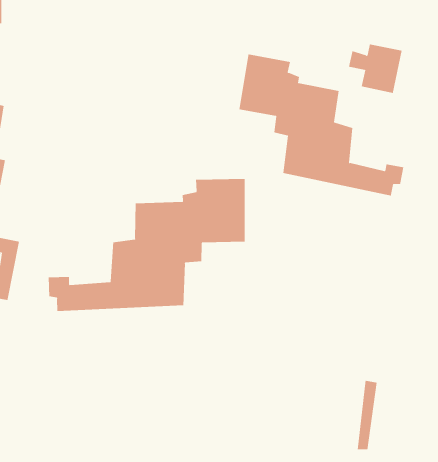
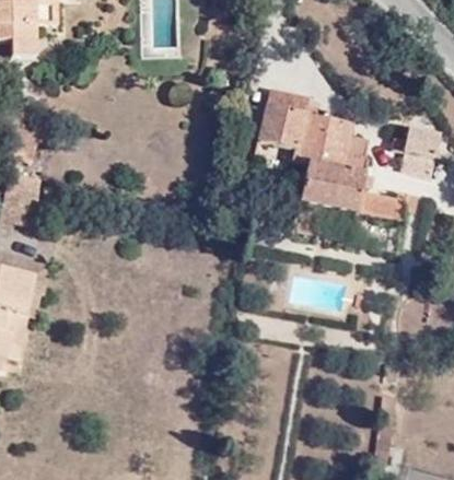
building: [348,44,403,93] -> [392,130,443,177]
building: [48,178,245,312] -> none

